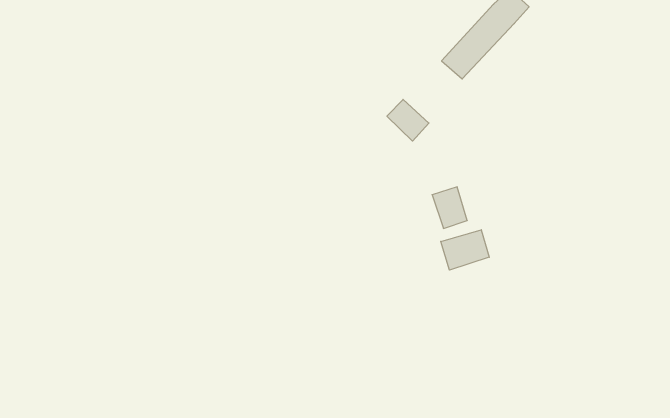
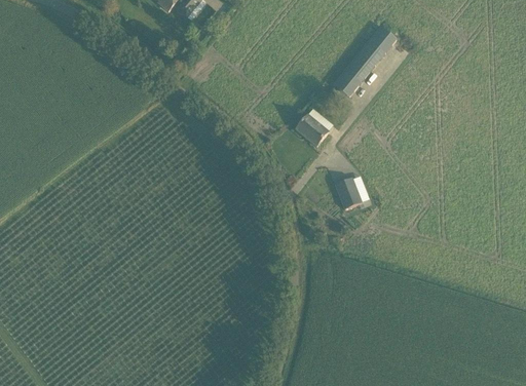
building: [441,230,489,270] -> none

